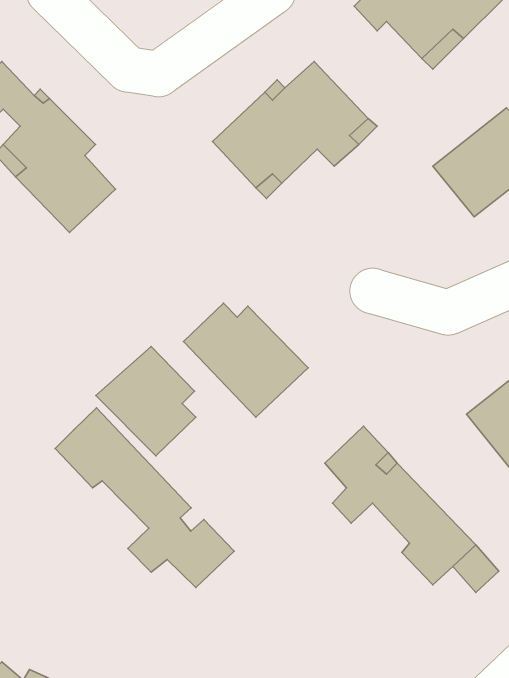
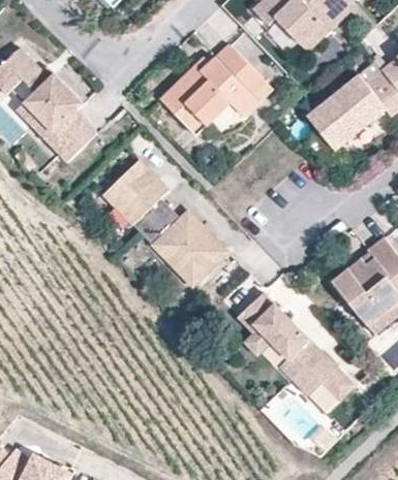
building: [96,346,196,456] -> [100,159,167,232]
building: [55,408,234,587] -> none

